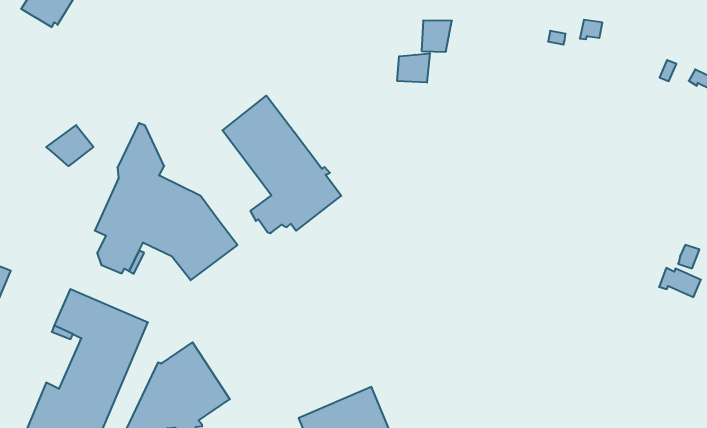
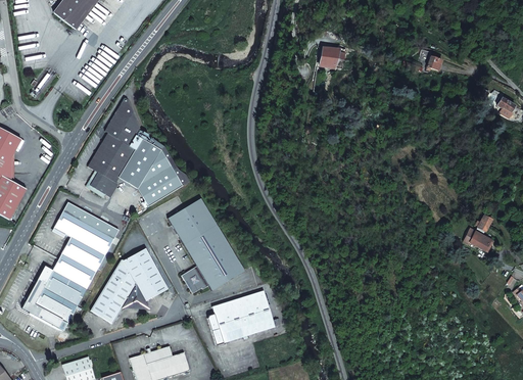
building: [397,53,430,83] -> none
building: [222,96,341,233] -> [169,198,244,291]
building: [46,125,93,166] -> none

